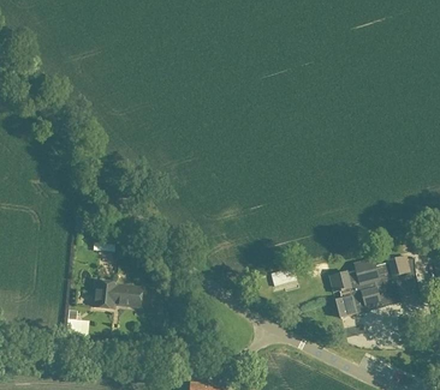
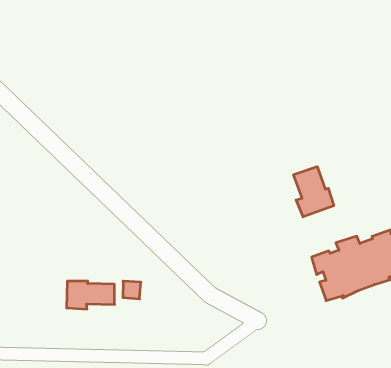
building: none -> [294,167,334,217]

